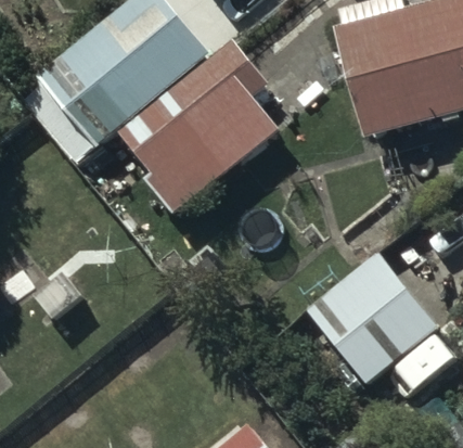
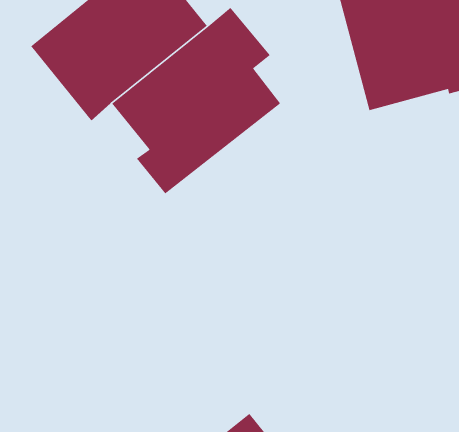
building: [308,256,441,391] -> none

